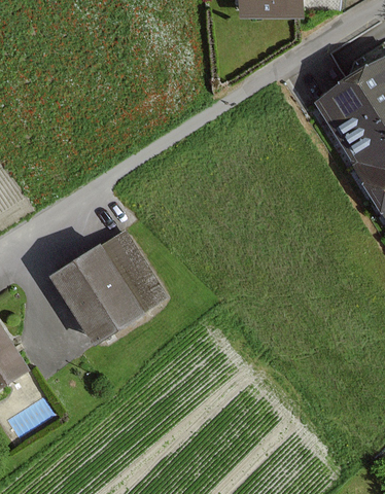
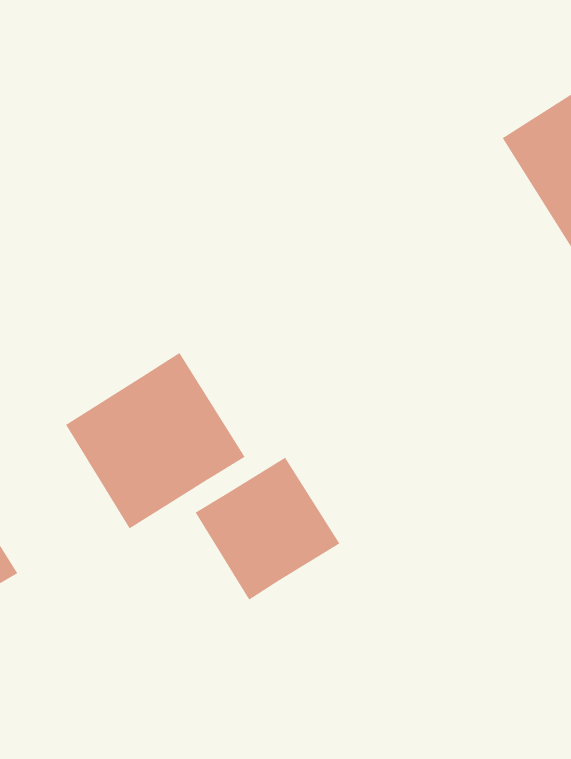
building: none -> [195,457,340,600]

